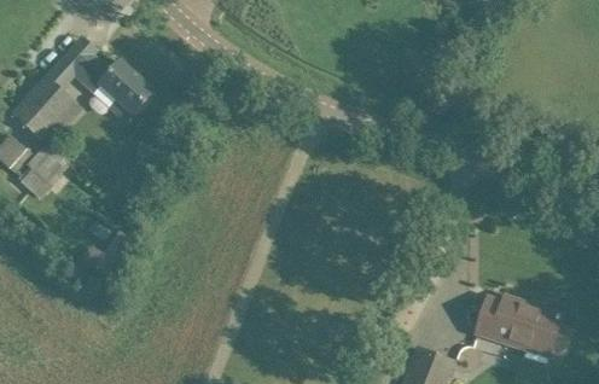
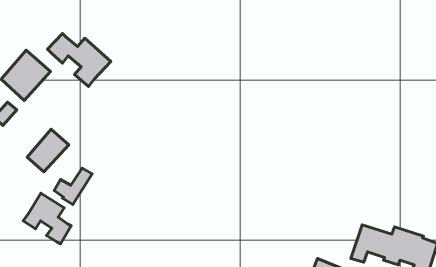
building: [18,141,72,197] -> [27,129,69,172]
building: none -> [23,193,71,244]

